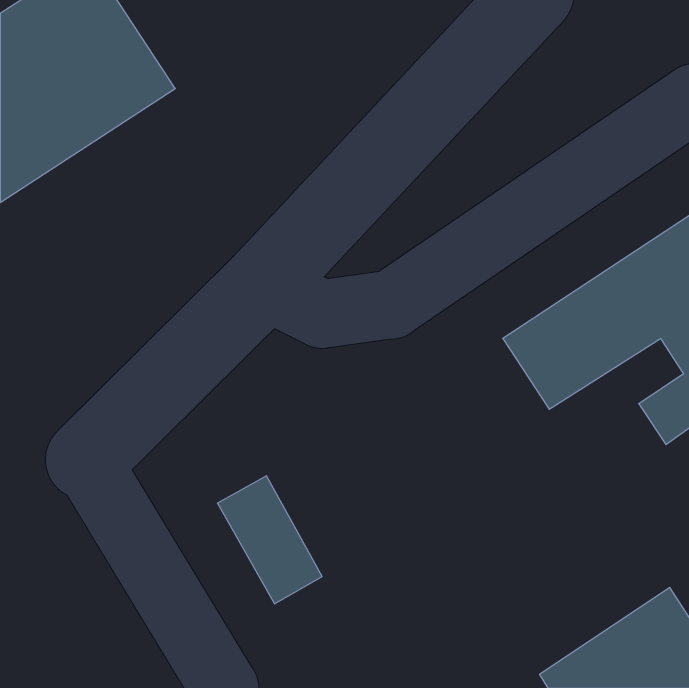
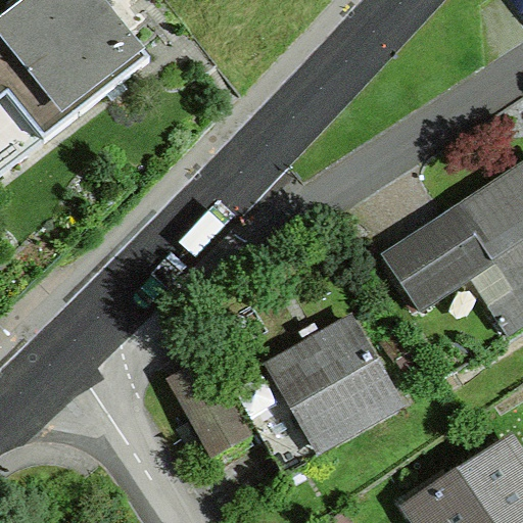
building: none -> [268,320,392,442]

